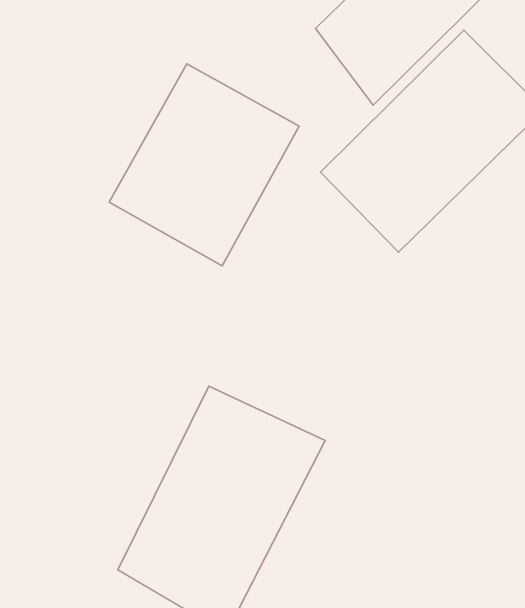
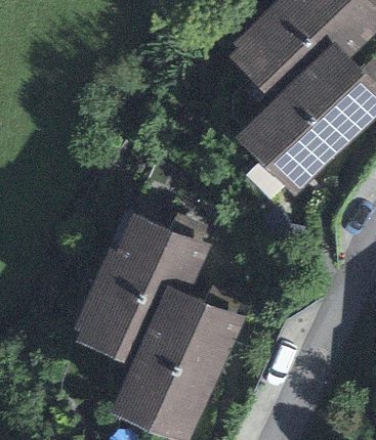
building: [109,64,299,266] -> none
building: none -> [66,205,187,353]

